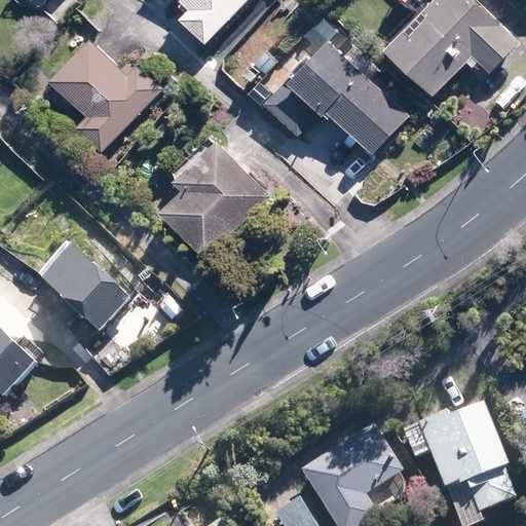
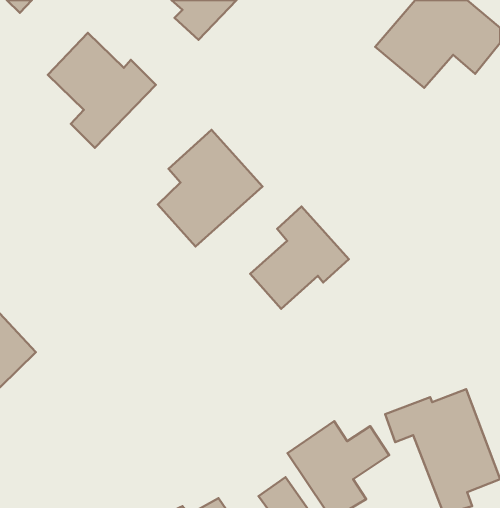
building: [261,37,405,154] -> none
building: none -> [250,206,349,309]
building: [36,240,136,339] -> none

